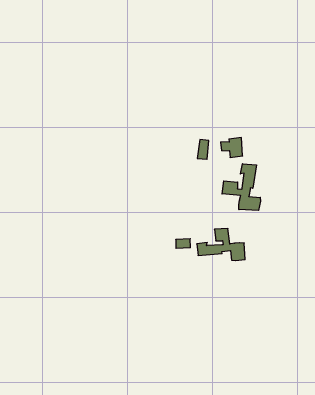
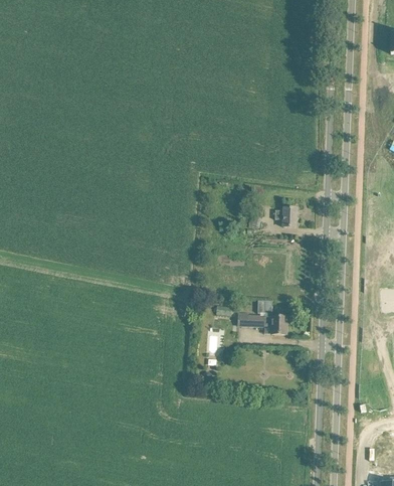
building: [222,164,261,210] -> none

